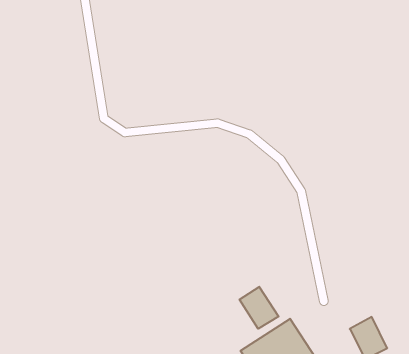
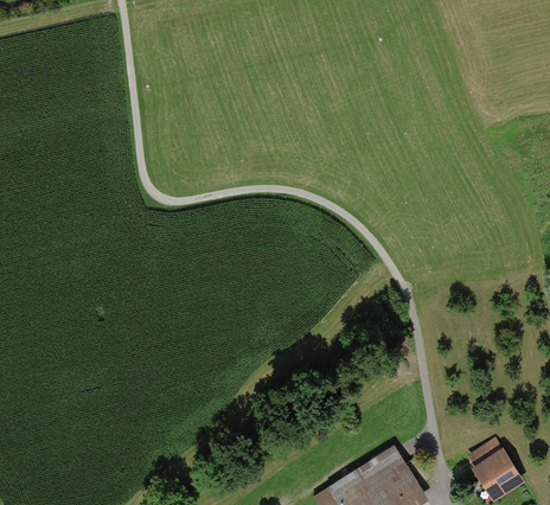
building: [240,287,279,329] -> none

